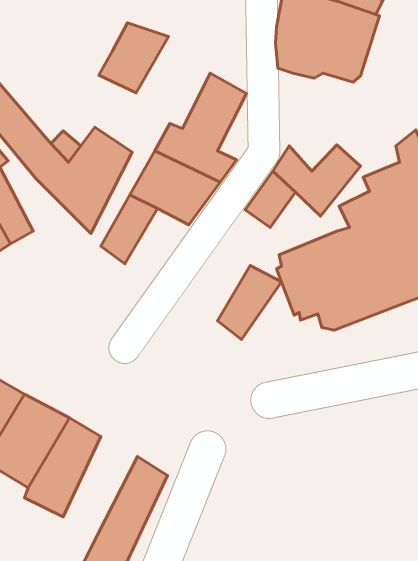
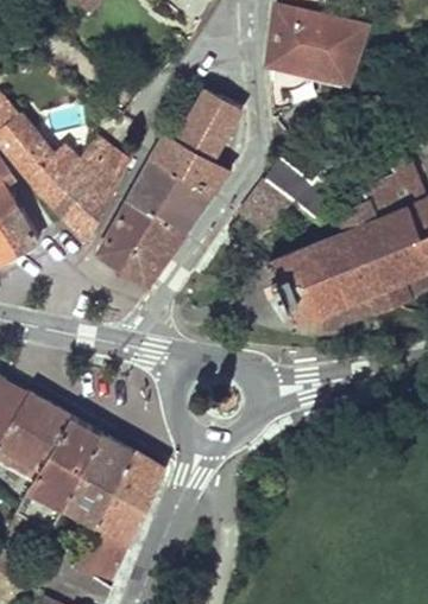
building: [99,23,169,93] -> none
building: [218,266,282,340] -> [124,217,184,287]
building: none -> [65,433,136,527]

